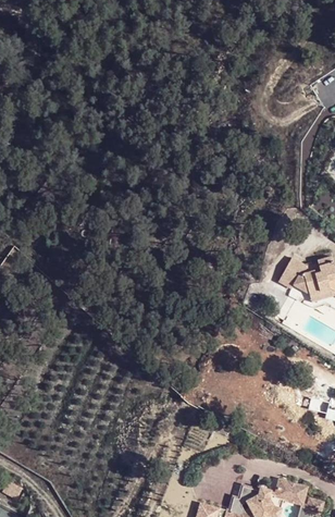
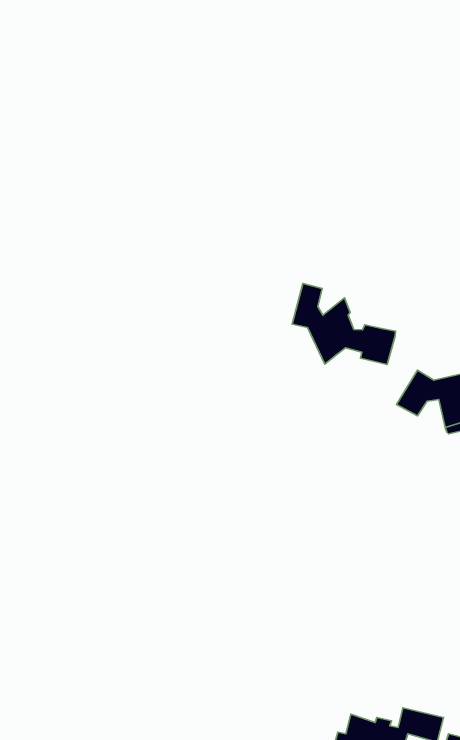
building: none -> [292,284,396,365]

